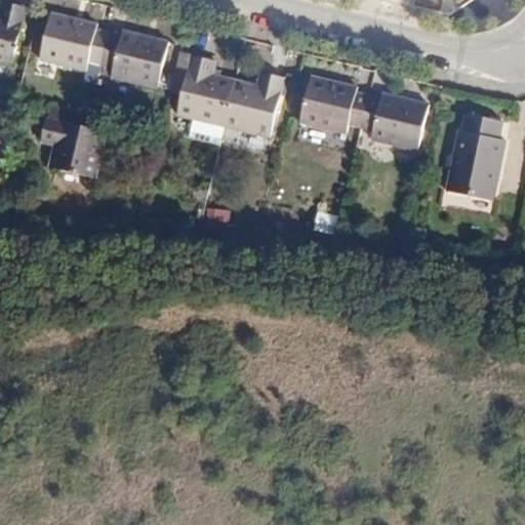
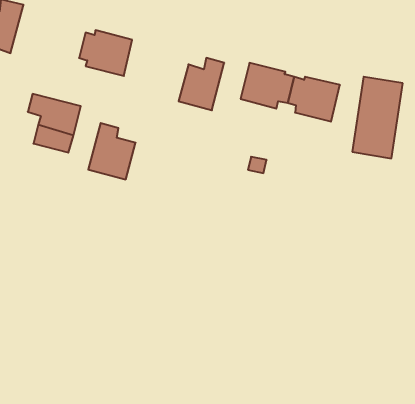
building: [38,21,108,78] -> none
building: [177,56,237,127] -> [88,123,136,179]

